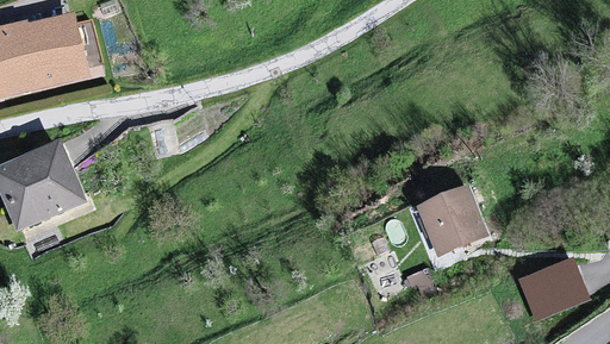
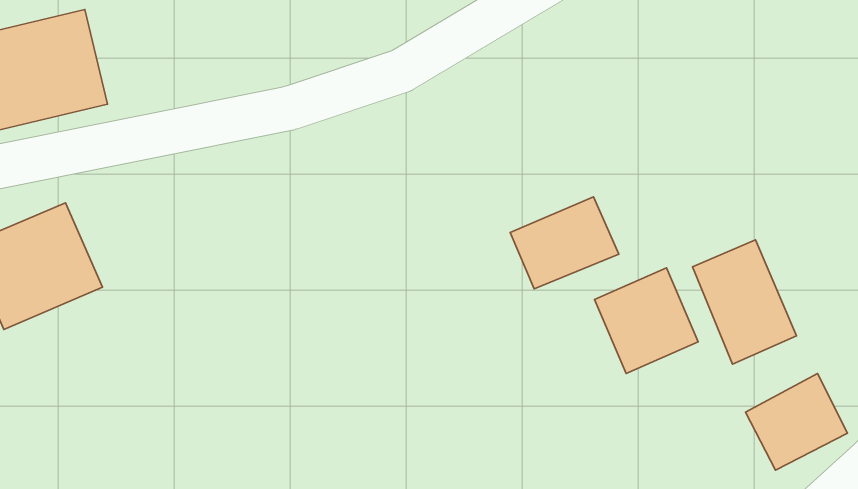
building: none -> [510,197,619,289]
building: none -> [693,240,797,364]

